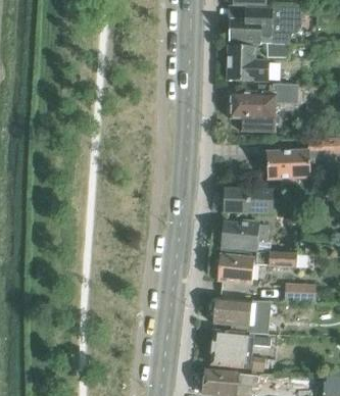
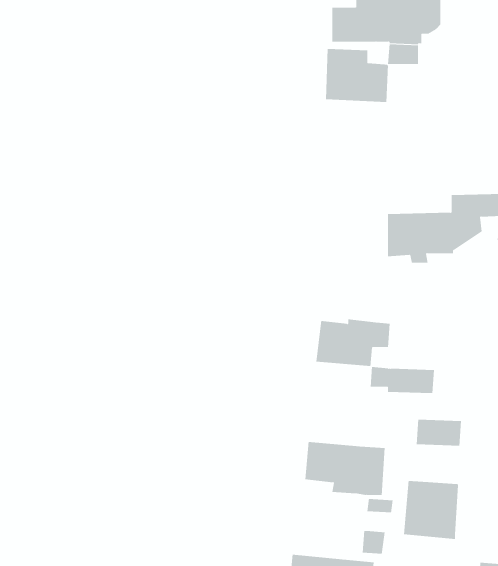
building: [231,84,299,130] -> none
building: [224,190,274,213] -> none
building: [218,247,257,284] -> none
building: [212,330,248,367] -> [403,481,459,539]

